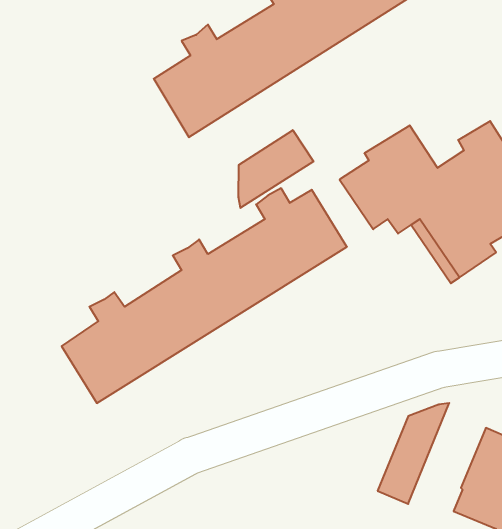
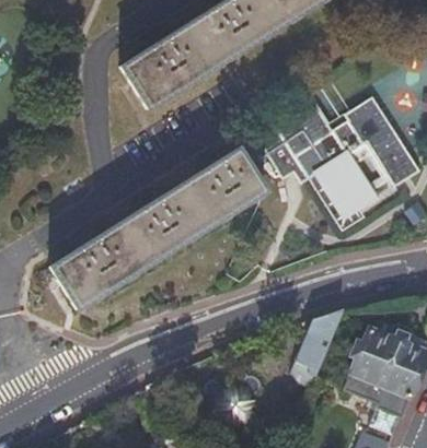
building: [239,130,313,208] -> none

